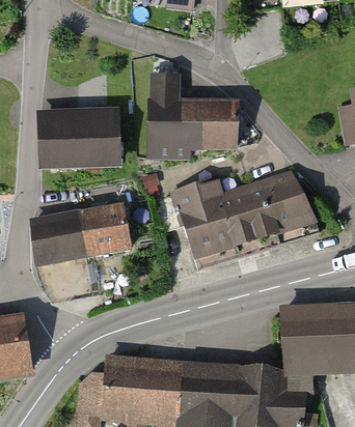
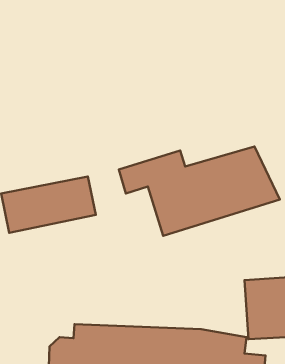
building: [152,75,237,153] -> none
building: [40,115,115,164] -> none

